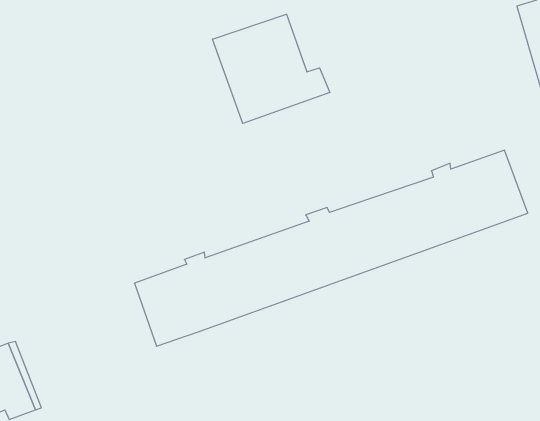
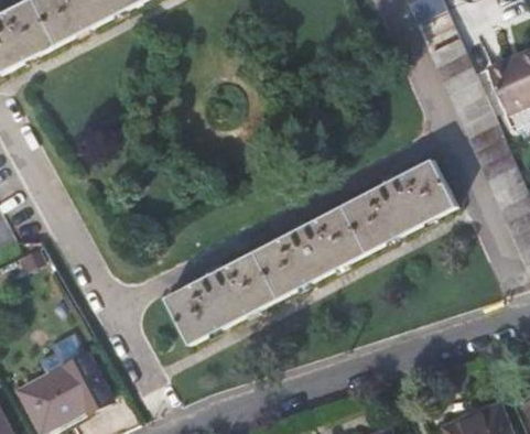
building: [212,14,330,123] -> none

